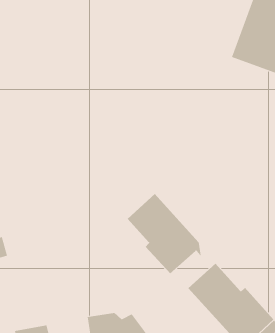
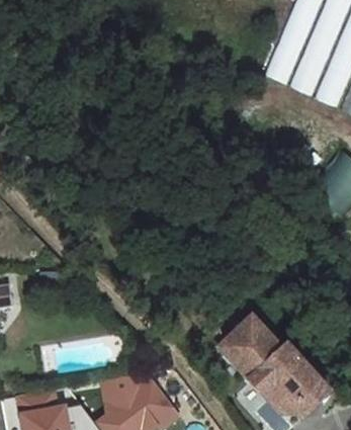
building: [127,193,201,274] -> none

